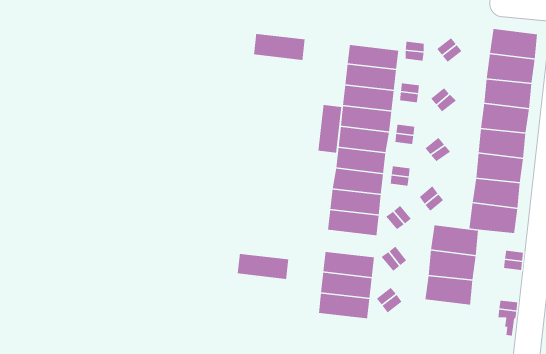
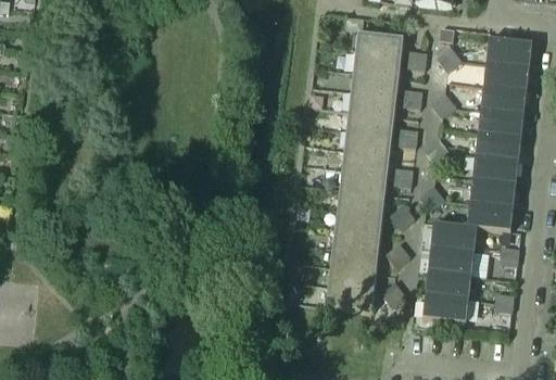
building: [253,33,305,61] -> [355,31,404,58]
building: [318,104,342,153] -> none
building: [237,253,289,280] -> [332,227,381,252]
building: none -> [424,292,469,321]

